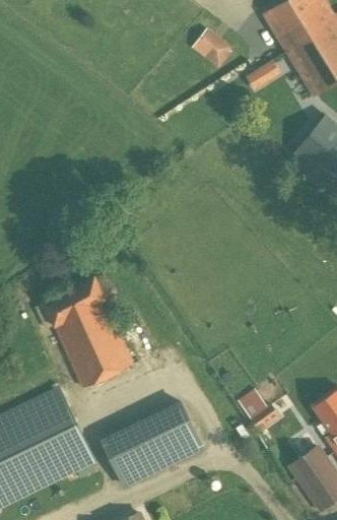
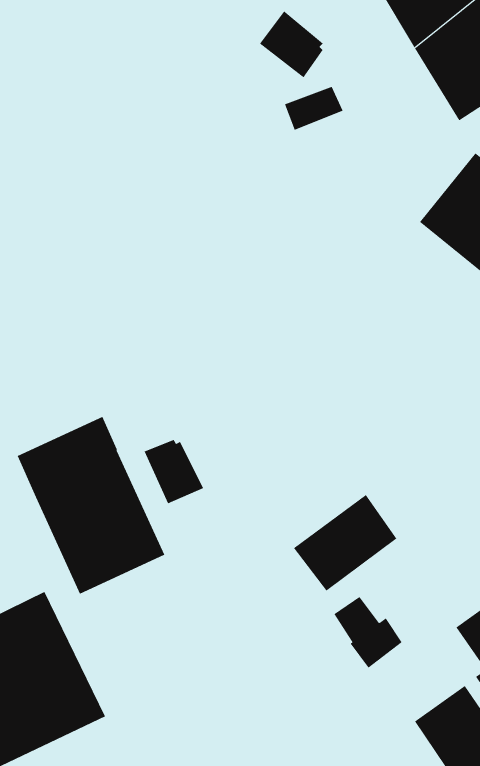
building: [246,61,282,88] -> [284,86,344,131]
building: none -> [144,439,204,504]
building: none -> [293,494,397,591]
building: [99,399,205,489] -> none

